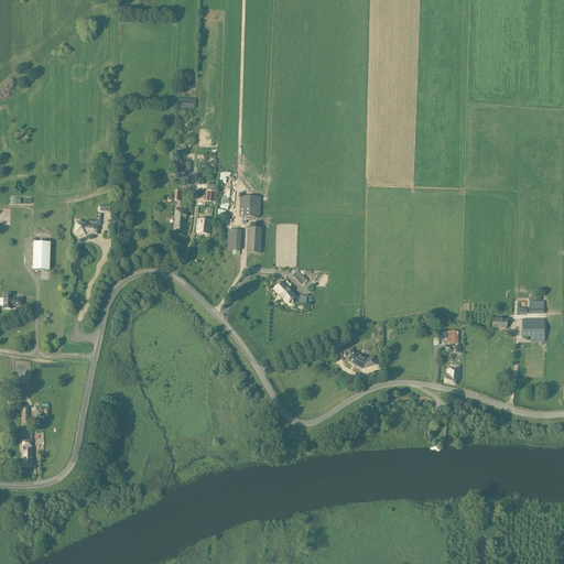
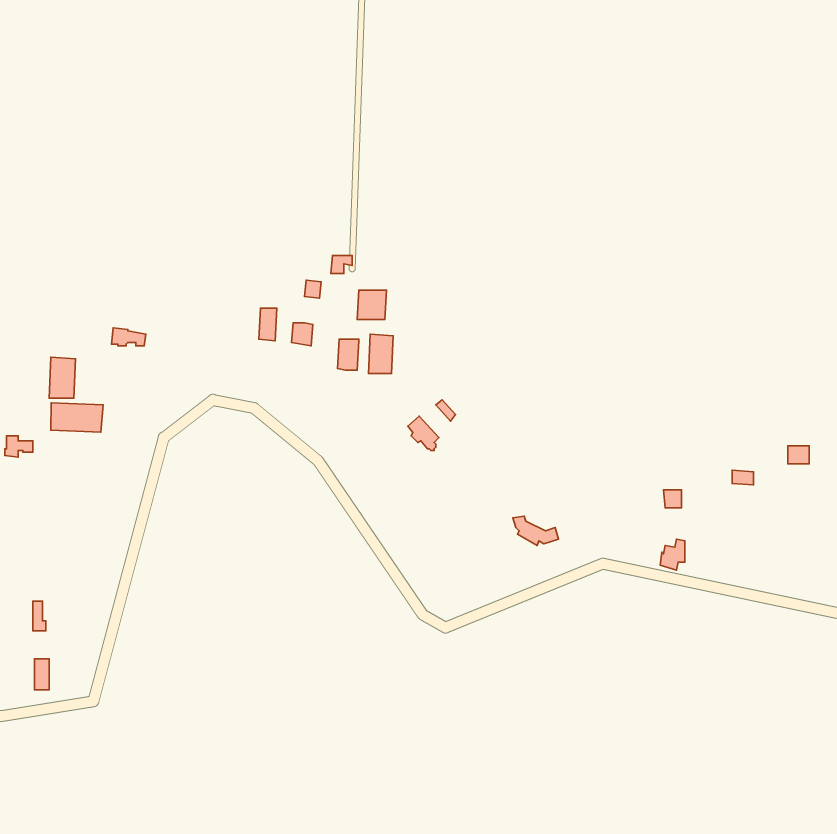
building: none -> [51,403,103,432]
building: [522,317,544,340] -> none

